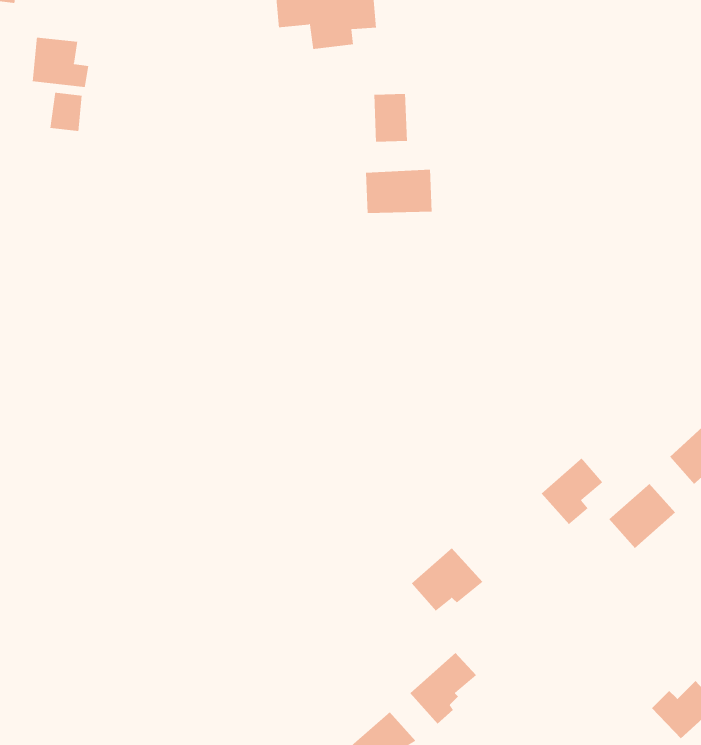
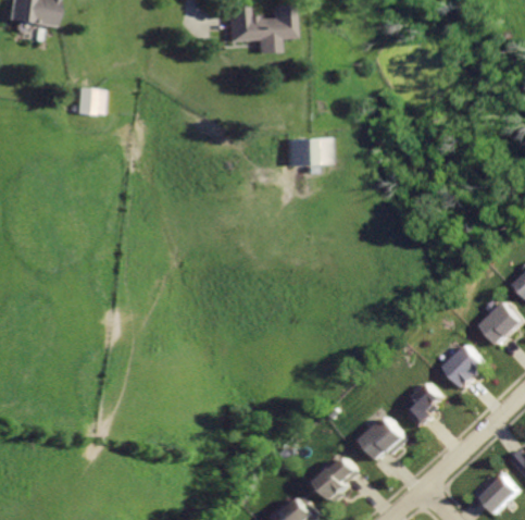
building: [32,37,89,88] -> none
building: [374,93,408,143] -> none
building: [541,457,603,525] -> [400,383,441,428]
building: [411,547,483,612] -> [355,417,403,459]

